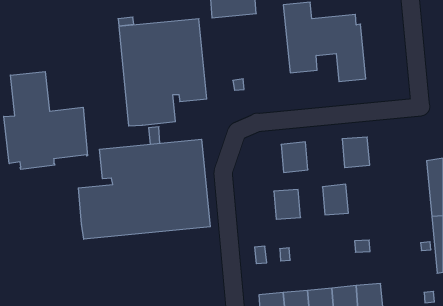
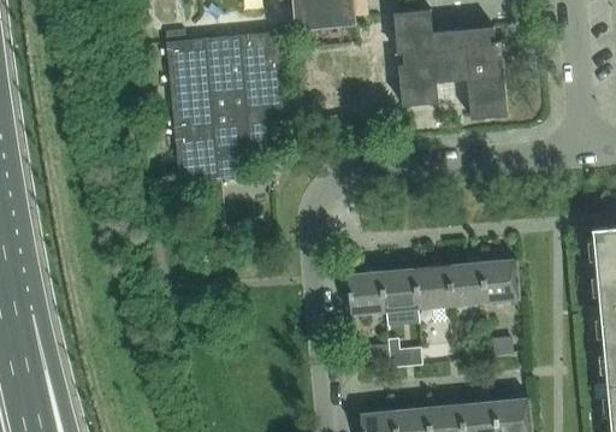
building: [4,72,87,169] -> none
building: [342,137,370,168] -> [480,259,519,301]
building: [78,139,210,239] -> none
building: [281,142,308,172] -> [414,265,451,307]
building: none -> [346,271,384,313]

